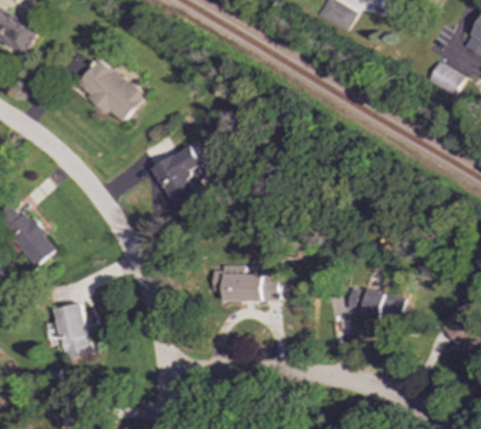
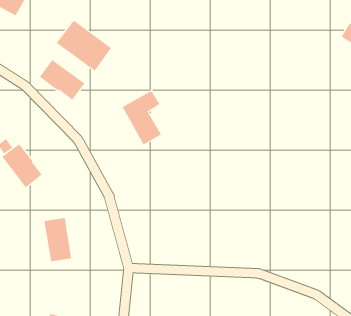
building: none -> [39,59,85,100]
building: [212,264,279,302] -> none
building: [345,287,406,322] -> none

